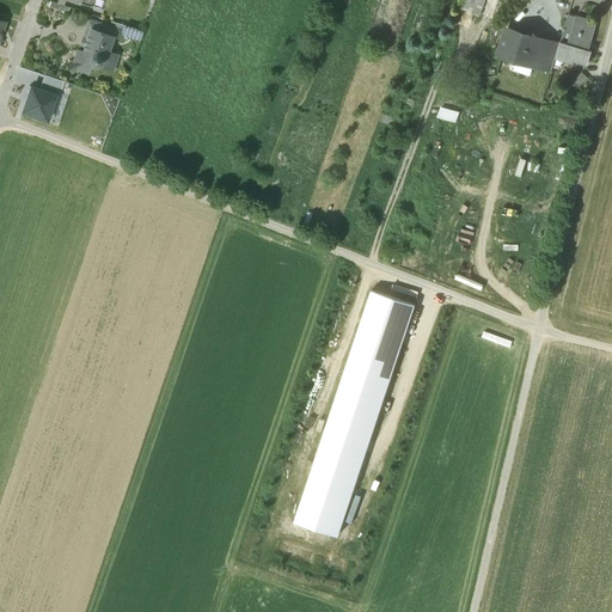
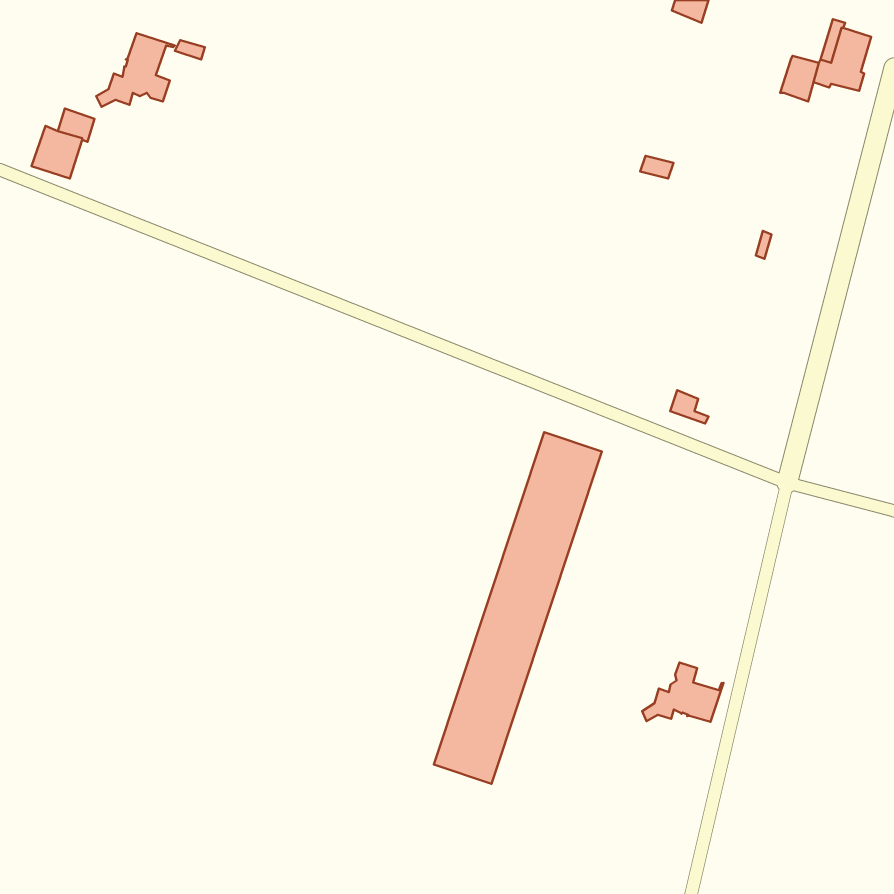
building: [498,30,540,63] -> none
building: none -> [642,662,724,722]

